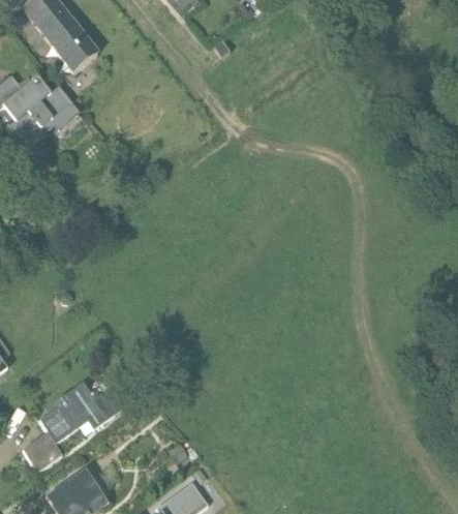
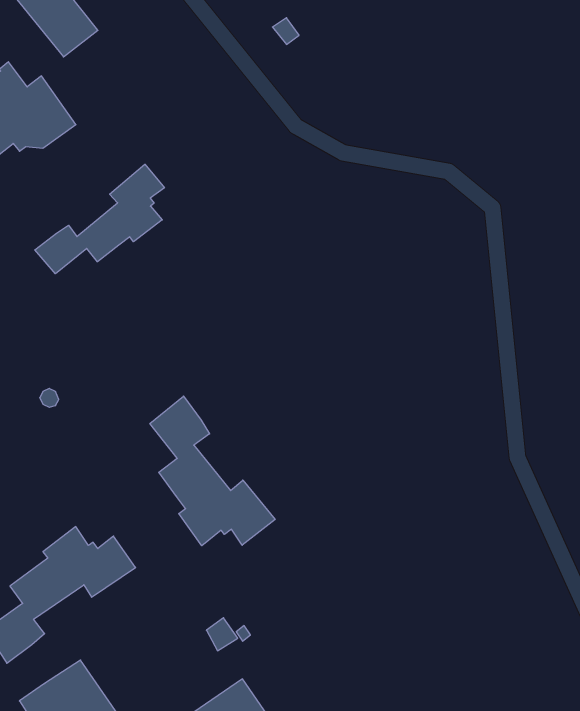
building: none -> [35,164,164,274]
building: none -> [150,396,275,546]

